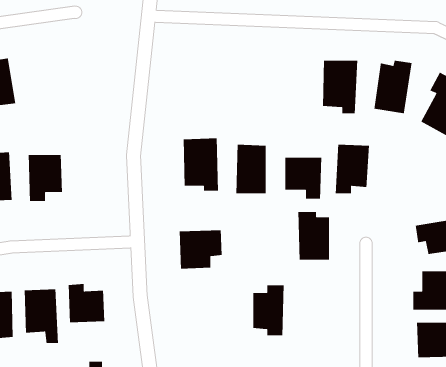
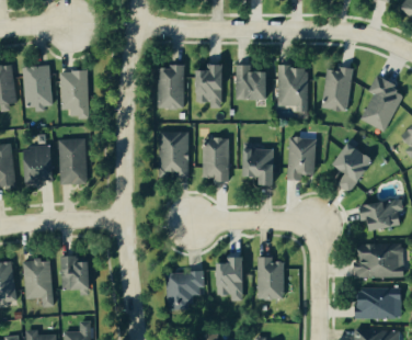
building: none -> [198,64,226,107]
building: none -> [158,65,184,109]
building: none -> [236,65,270,100]
building: none -> [22,66,51,109]
building: none -> [60,70,89,118]
building: none -> [58,139,85,184]
building: none -> [332,141,374,193]
building: [298,211,330,260] -> [256,257,284,298]
building: [179,230,223,270] -> [165,272,203,306]

